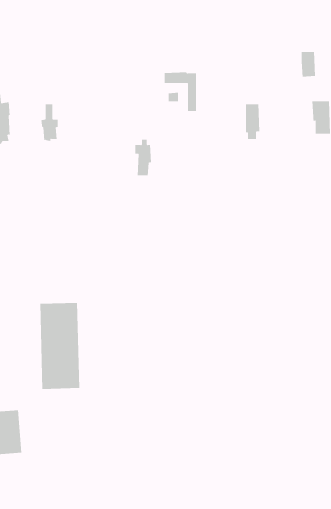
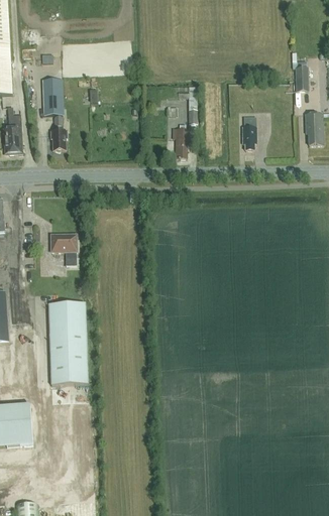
building: none -> [43,78,62,114]
building: [135,139,152,176] -> [174,123,190,157]
building: none -> [51,234,78,264]

